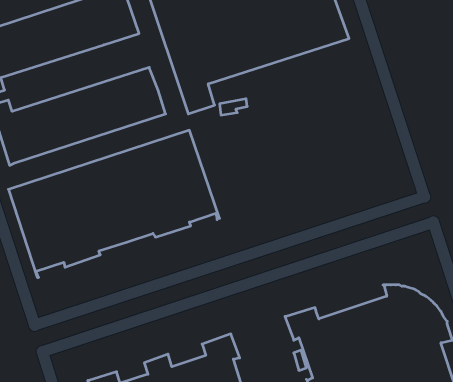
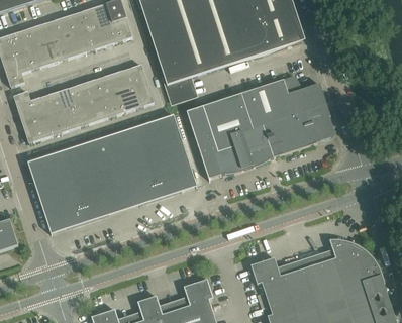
building: none -> [188,76,329,180]

